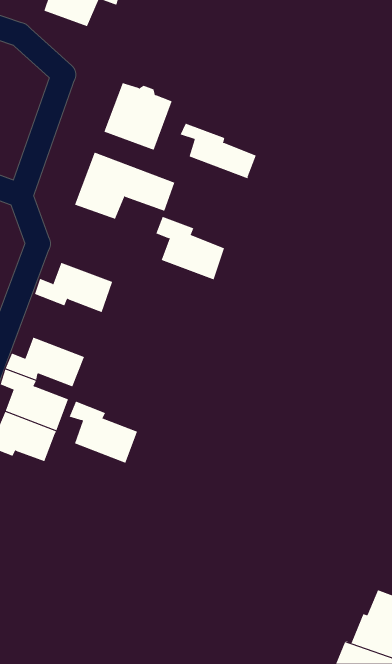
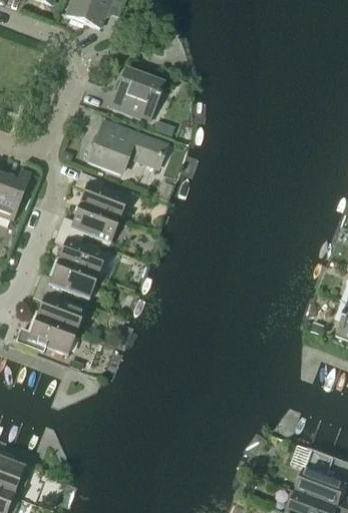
building: [180,123,257,179] -> none
building: [156,216,225,280] -> [74,171,126,219]
building: [69,401,138,463] -> [53,228,105,276]

